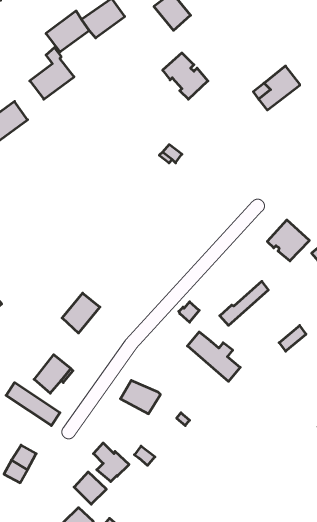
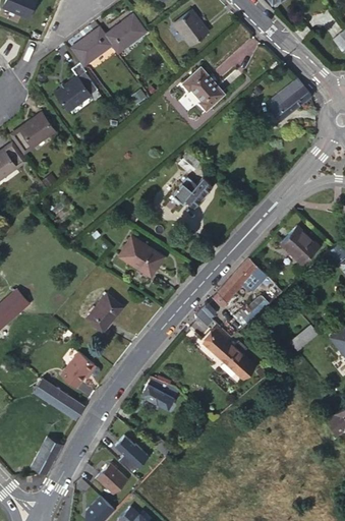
building: none -> [173,177,212,207]
building: none -> [119,237,163,276]
building: none -> [213,257,266,306]

